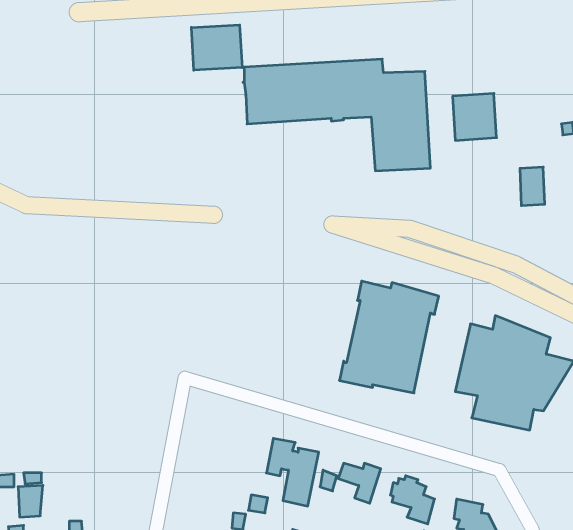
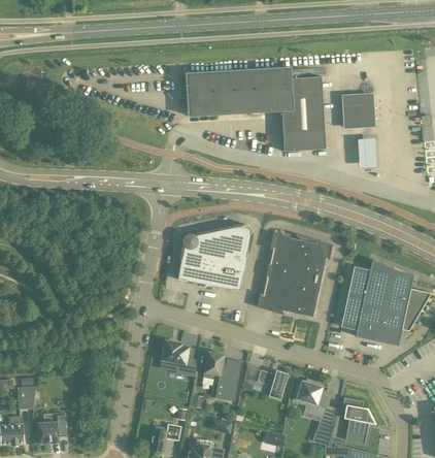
building: [191,25,242,70] -> none
building: [520,167,545,206] -> [357,137,375,166]
building: none -> [177,224,250,291]
building: none -> [160,340,197,370]

